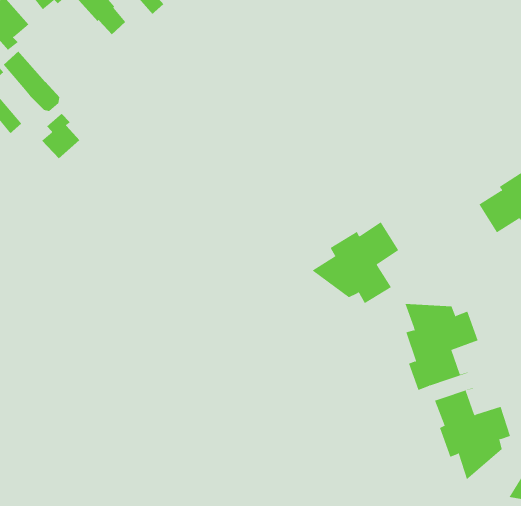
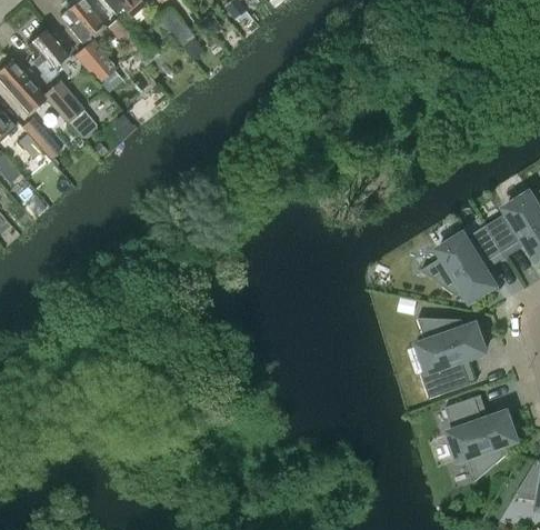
building: none -> [77,41,116,81]
building: [41,113,80,159] -> none
building: [312,222,399,304] -> [422,224,503,301]

